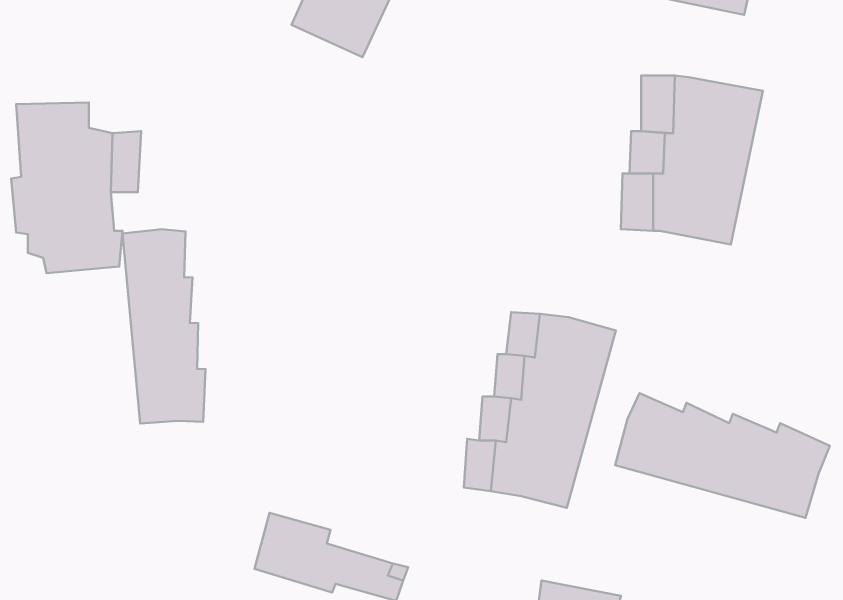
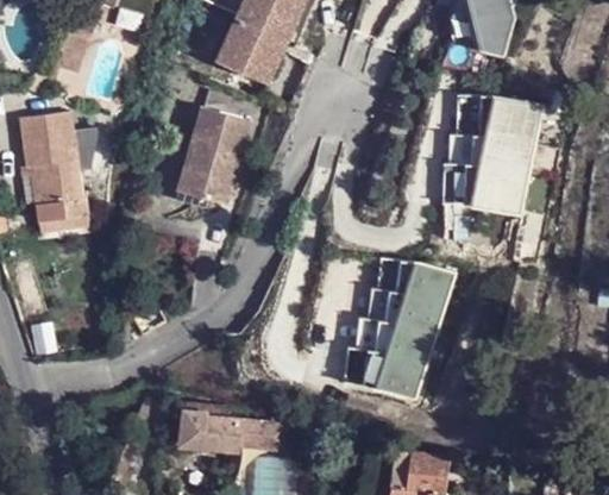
building: none -> [176,107,249,205]
building: [122,229,205,424] -> none
building: [615,393,830,518] -> none

